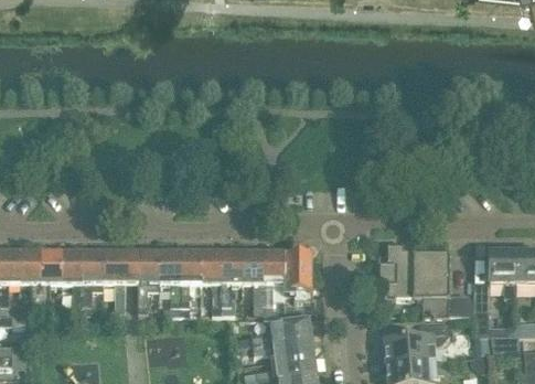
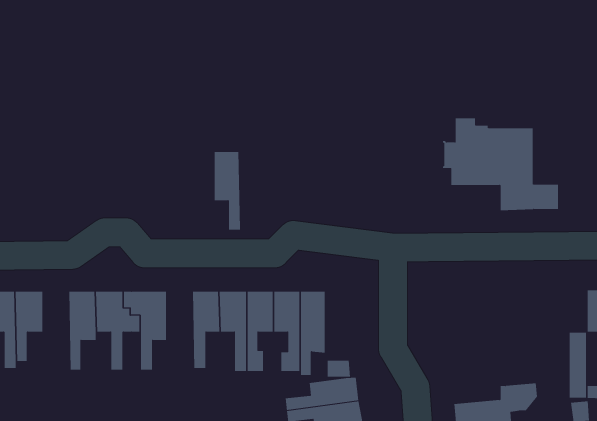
building: [378,242,470,314] -> [442,118,559,211]
building: [285,247,312,298] -> none
building: [63,249,84,311] -> none
building: [160,249,181,311] -> [214,152,241,230]

